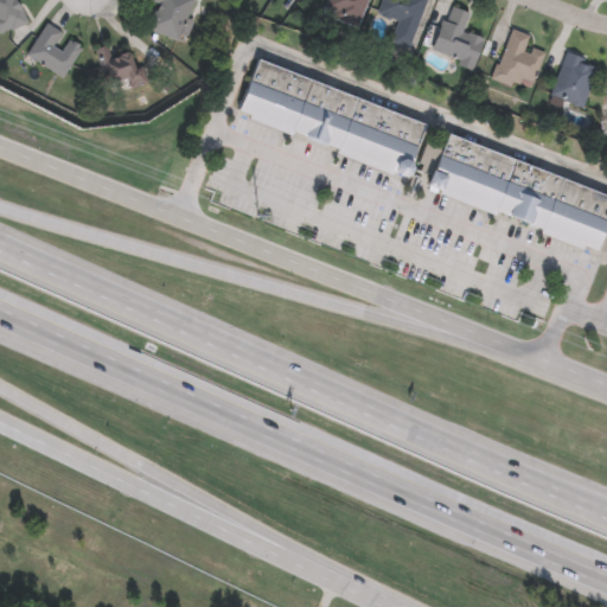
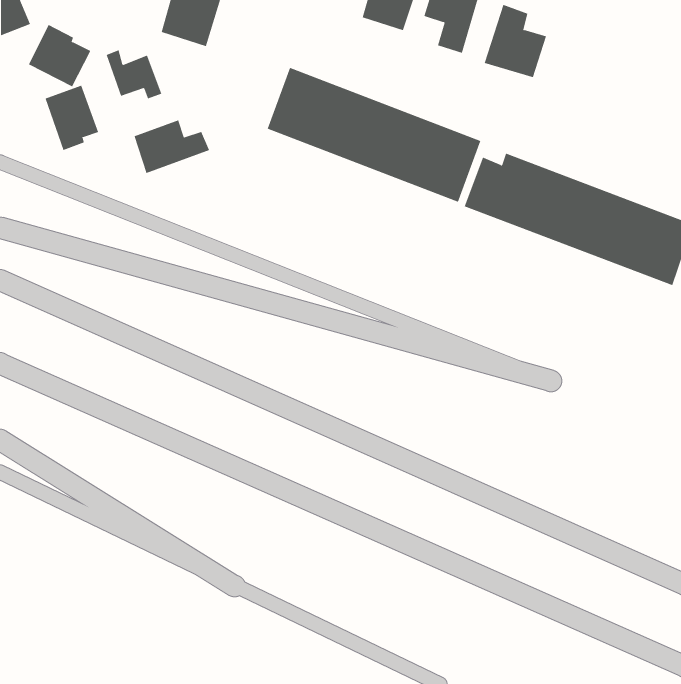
building: [492,26,547,89] -> none
building: [550,51,601,109] -> none
building: none -> [45,85,99,151]
building: none -> [134,119,210,174]

